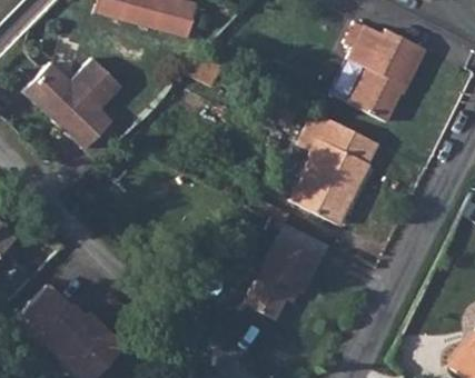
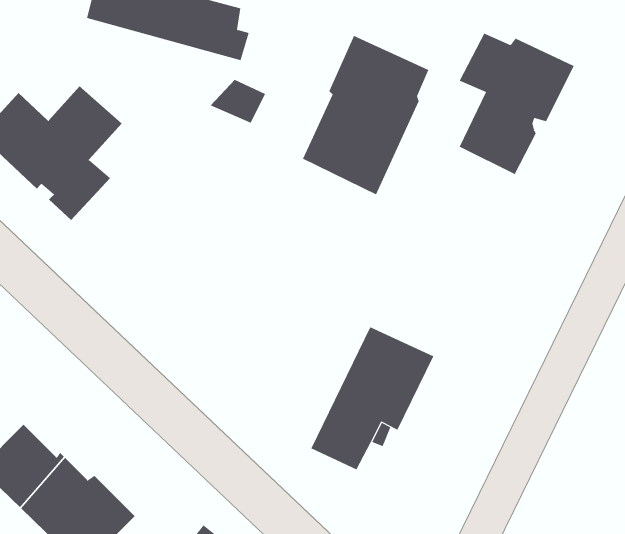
building: [287,115,373,222] -> [302,35,429,195]

